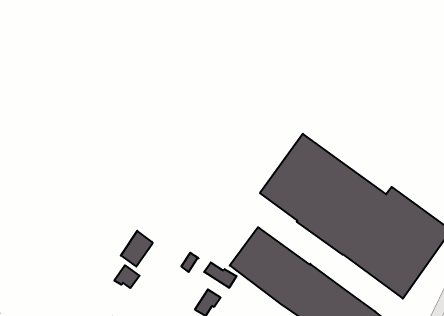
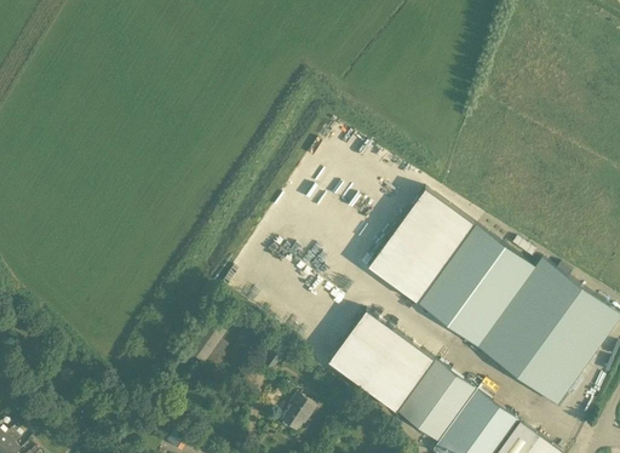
building: [204,262,237,288] -> none
building: [114,265,140,288] -> none

